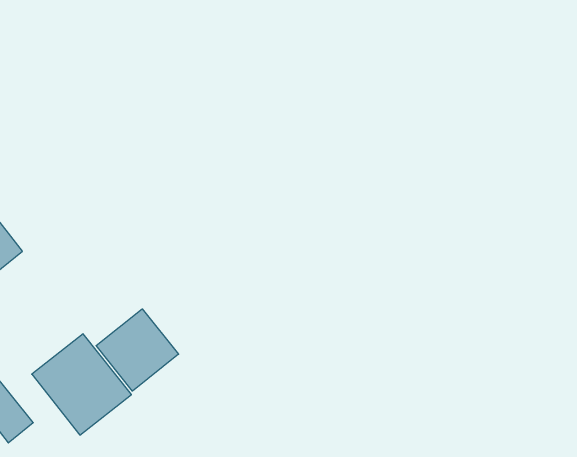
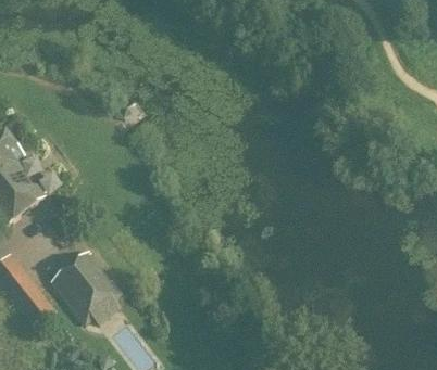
building: [96,309,179,391] -> none

